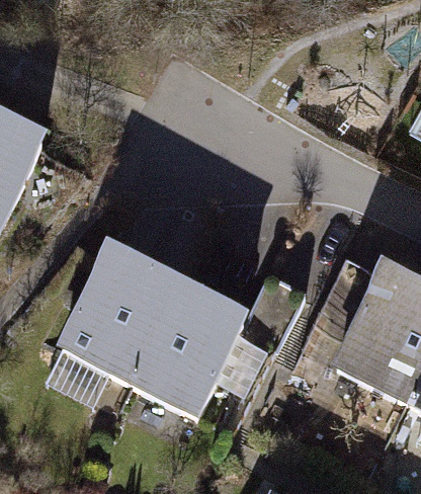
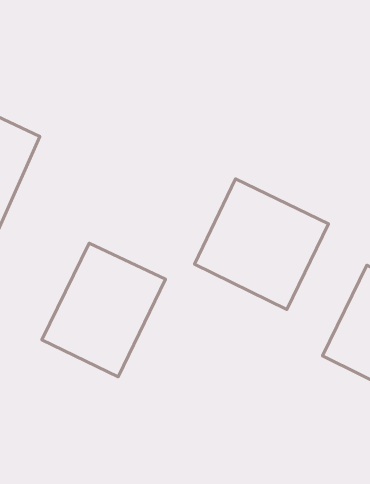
building: none -> [194,179,328,310]
building: [125,283,250,419] -> none

